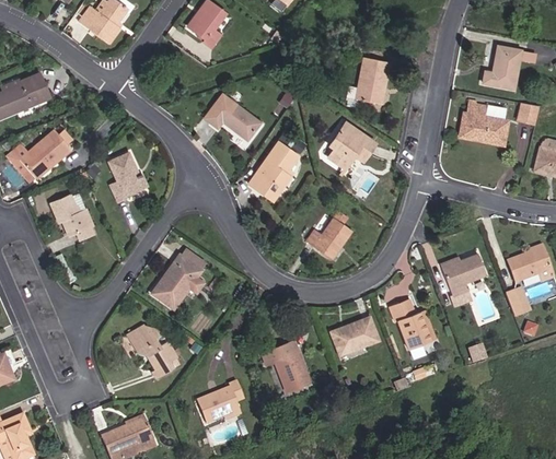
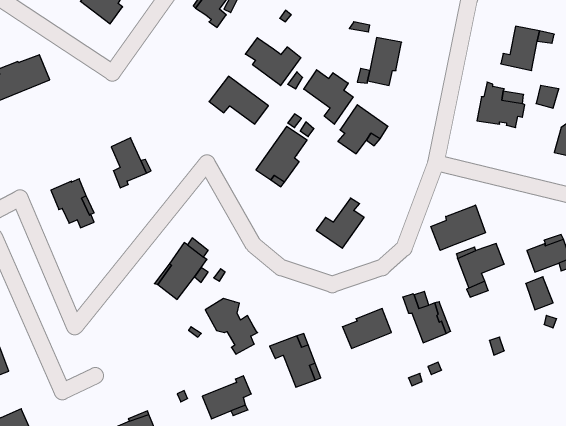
building: none -> [245,38,301,86]
building: none -> [304,70,353,124]
building: [8,131,69,184] -> none
building: none -> [431,205,485,250]
building: [126,325,176,378] -> [205,298,258,354]

